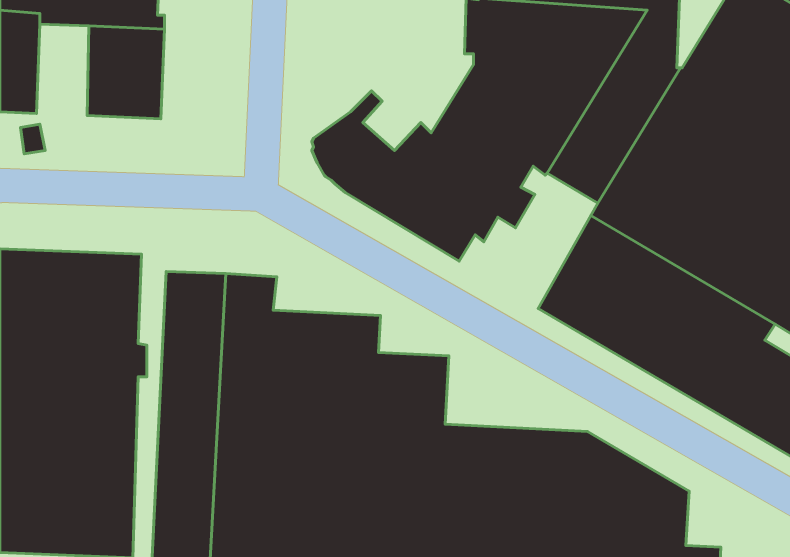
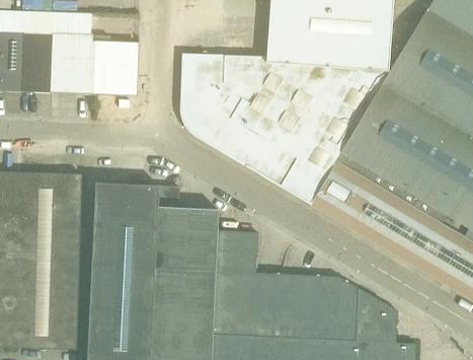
building: none -> [93,34,140,95]
building: none -> [21,40,52,92]
building: none -> [181,53,273,113]
building: none -> [265,122,345,203]

